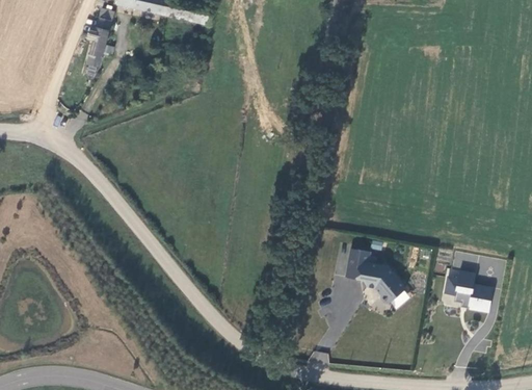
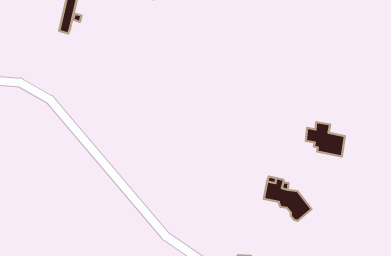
building: [443,267,493,311] -> [306,122,345,156]

